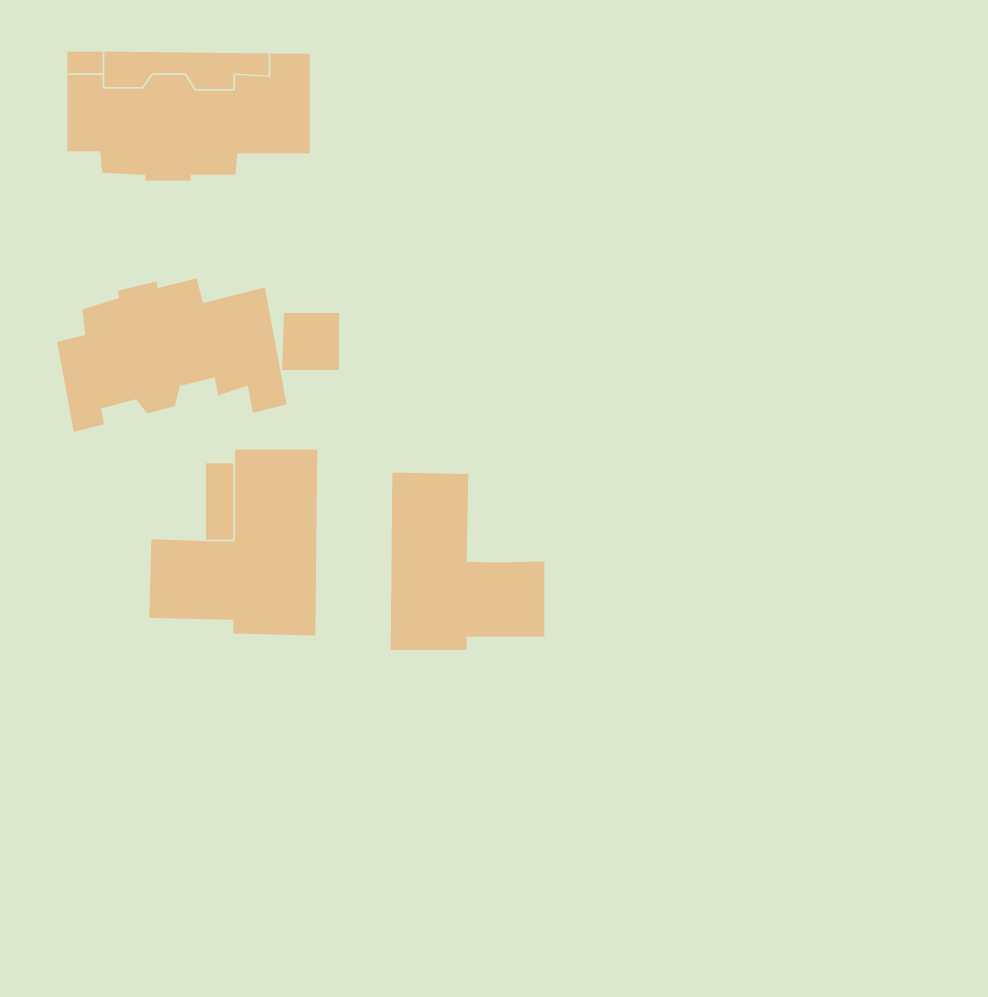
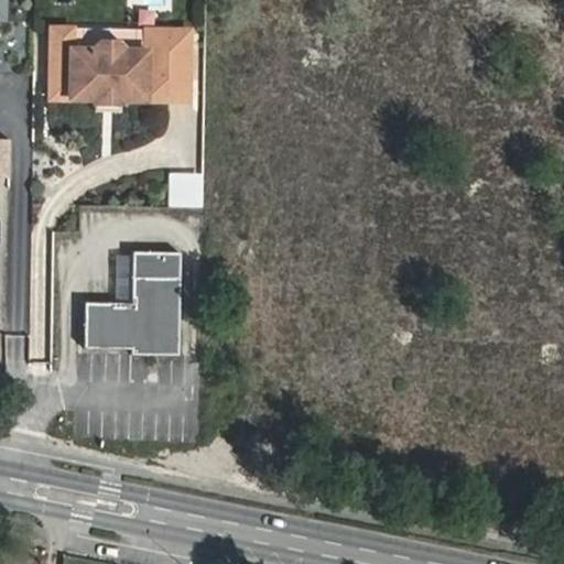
building: [56,278,288,433] -> none
building: [390,472,545,651] -> none

